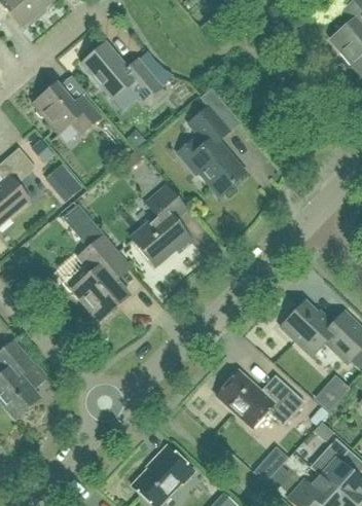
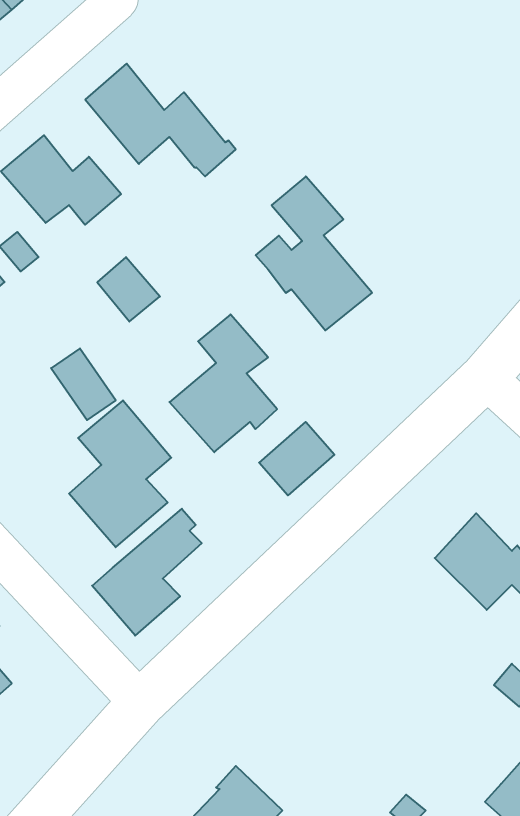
building: [46,164,82,201] -> [97,257,160,322]
building: none -> [259,422,334,495]
building: none -> [92,509,202,636]
building: [217,370,305,426] -> none

